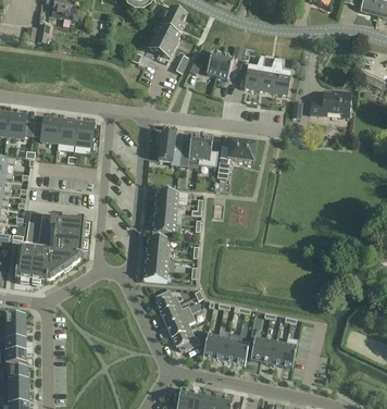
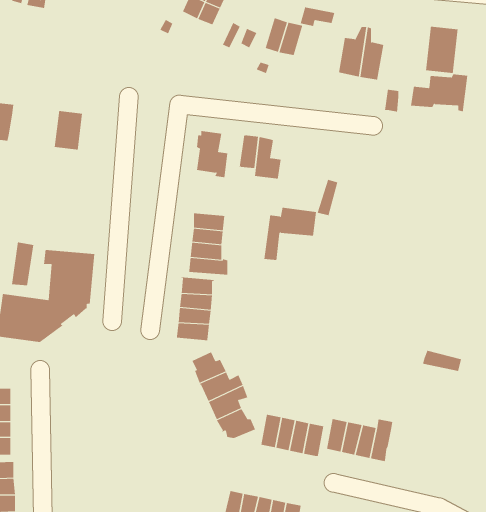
building: [244,54,264,90] -> none
building: none -> [425,26,458,74]
building: [40,115,60,144] -> none
building: [74,120,96,148] -> none
building: [217,140,255,178] -> [263,207,317,261]

